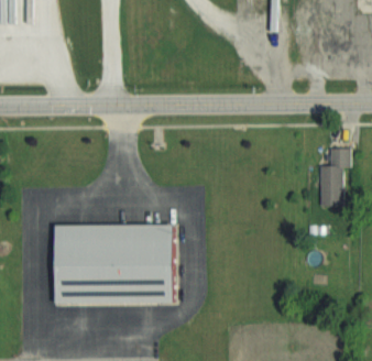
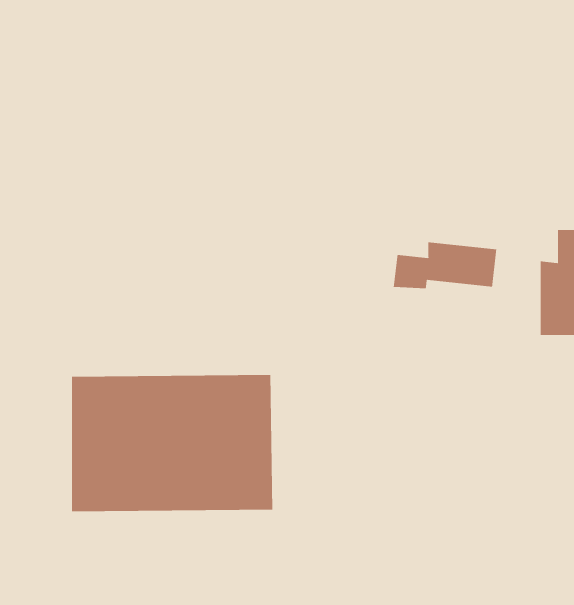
building: none -> [393,241,497,289]

